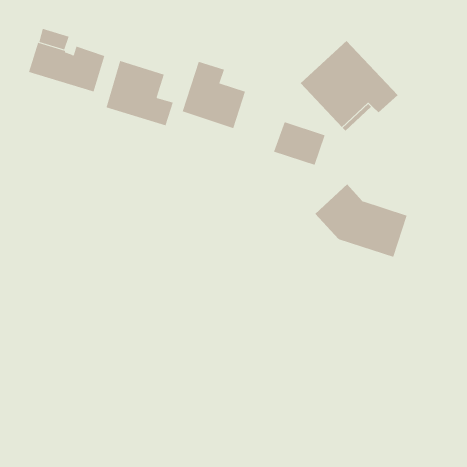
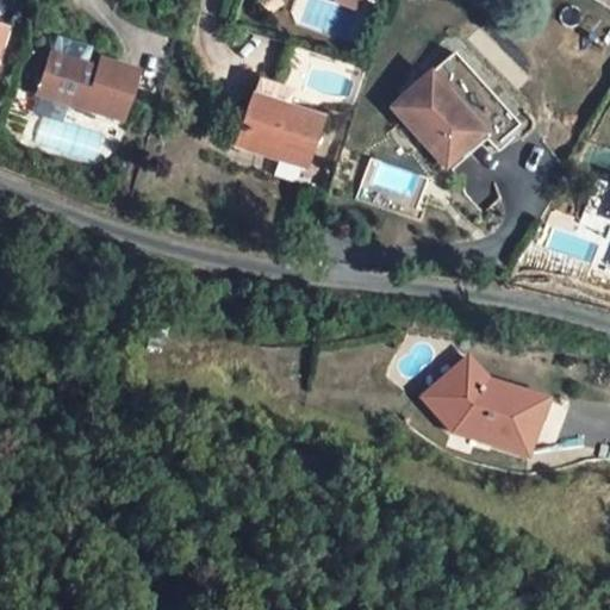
building: [106,60,174,126] -> none
building: [314,184,408,258] -> [423,357,544,454]

